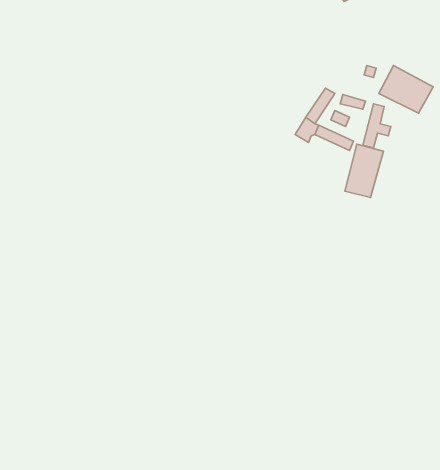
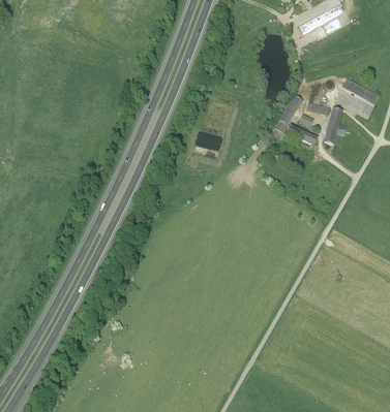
building: [345,144,384,197] -> none

